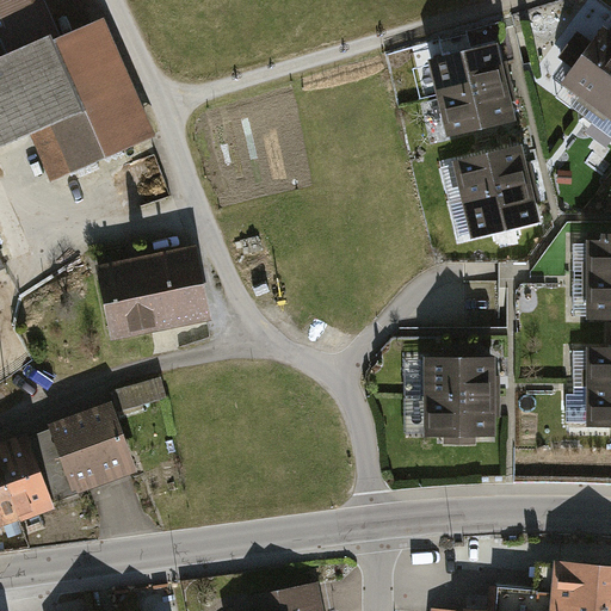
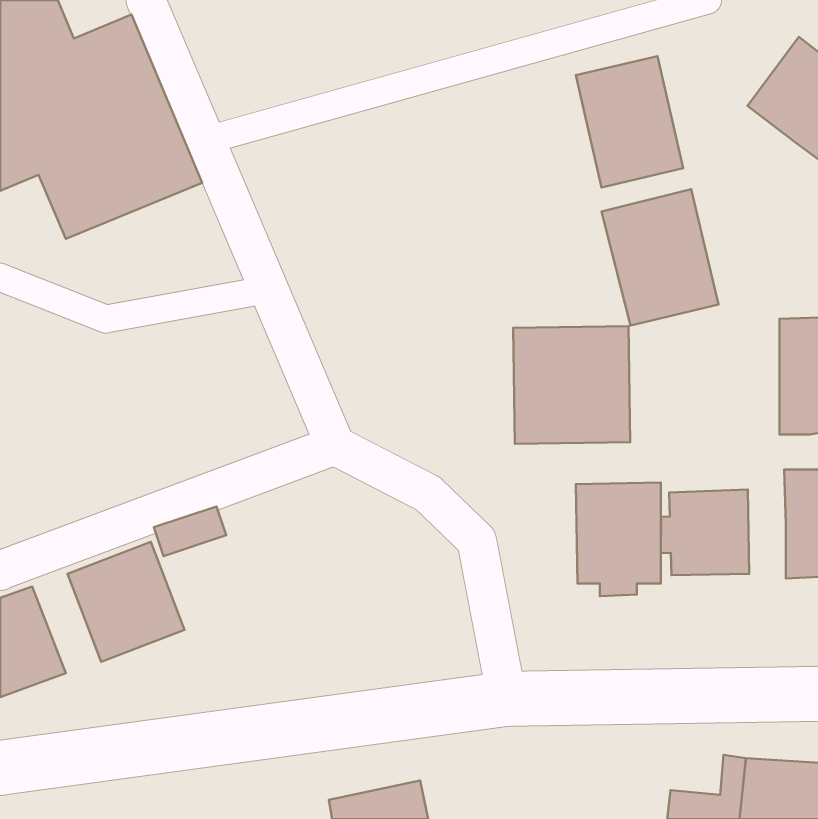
building: none -> [513,326,630,444]
building: [100,253,208,338] -> none
building: none -> [661,490,749,575]

